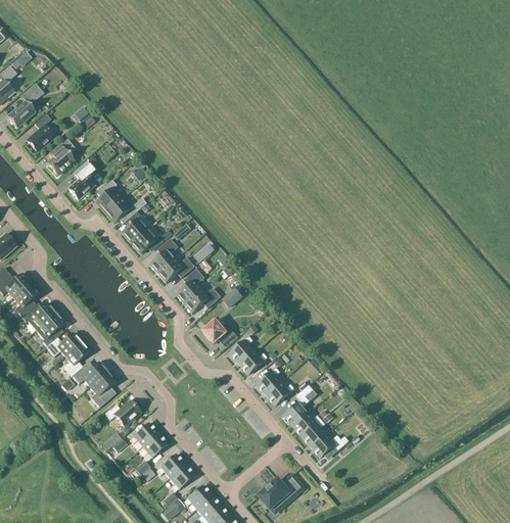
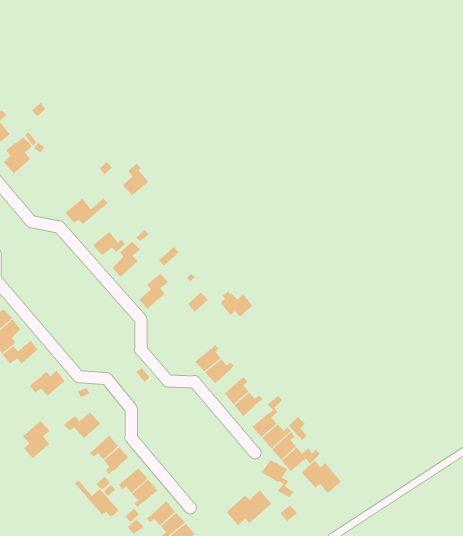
building: [67,161,95,199] -> none
building: [96,179,123,211] -> none
building: [123,210,148,242] -> [122,162,149,196]
building: [158,256,194,282] -> none
building: [184,287,221,313] -> none
building: [203,319,235,344] -> [220,290,253,317]
building: [62,341,89,376] -> none
building: [89,371,115,408] -> [22,420,50,459]
building: none -> [261,459,294,498]
building: none -> [301,460,342,494]
building: none -> [74,480,120,518]

